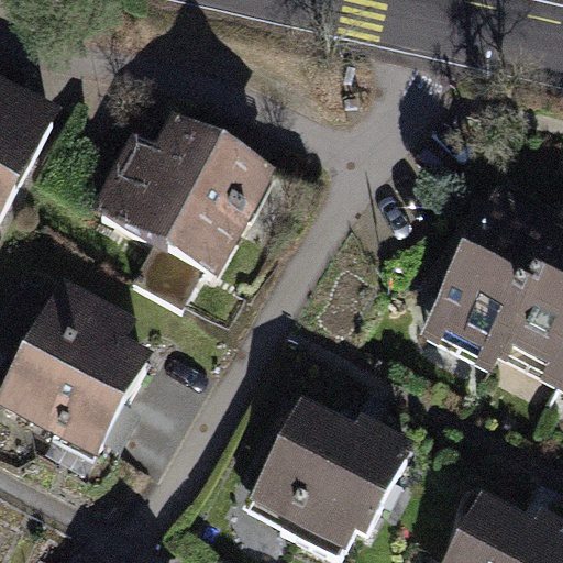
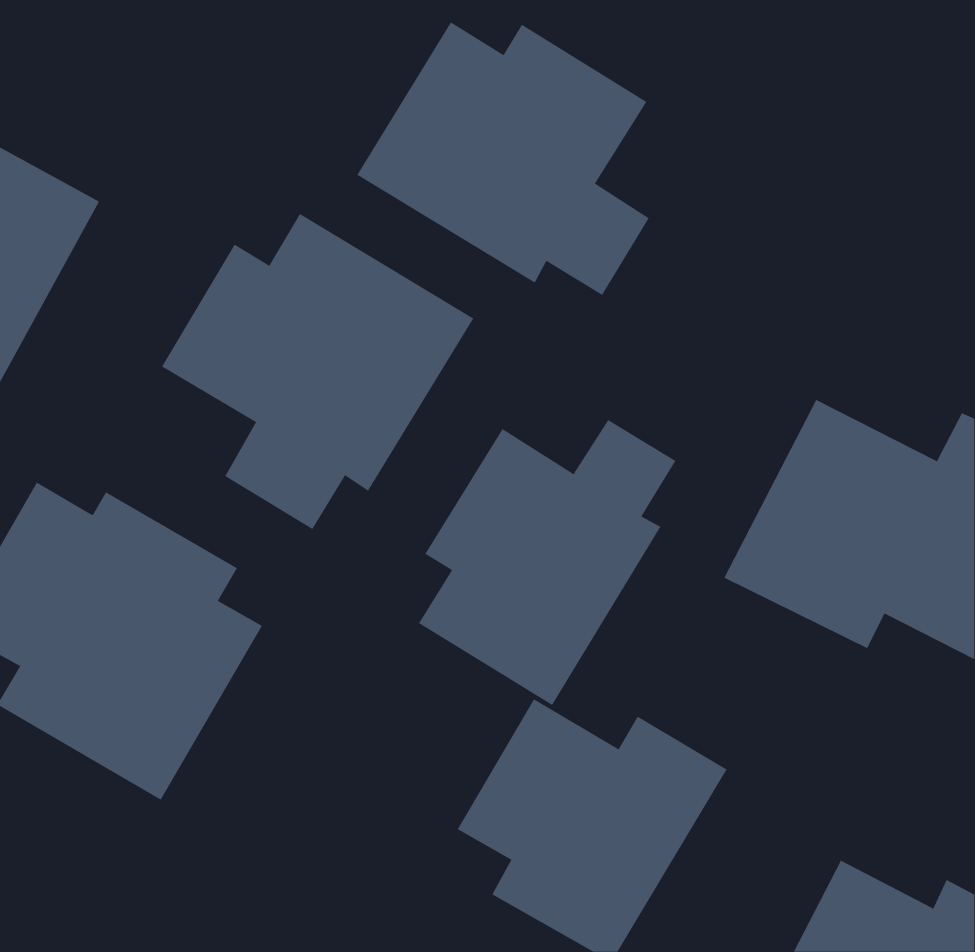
building: none -> [356,21,649,296]
building: none -> [418,419,676,706]

